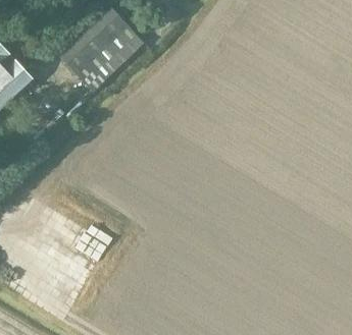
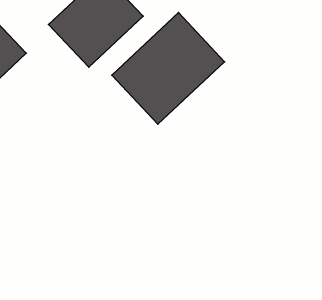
building: none -> [112,12,224,124]

